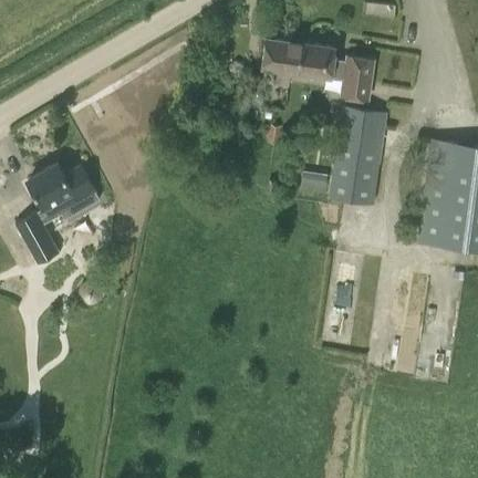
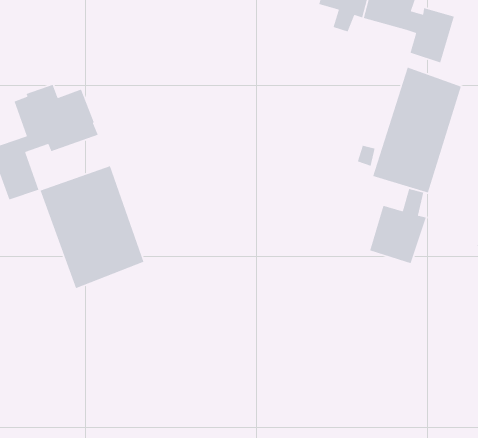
building: none -> [369,188,427,264]
building: none -> [39,165,145,289]

